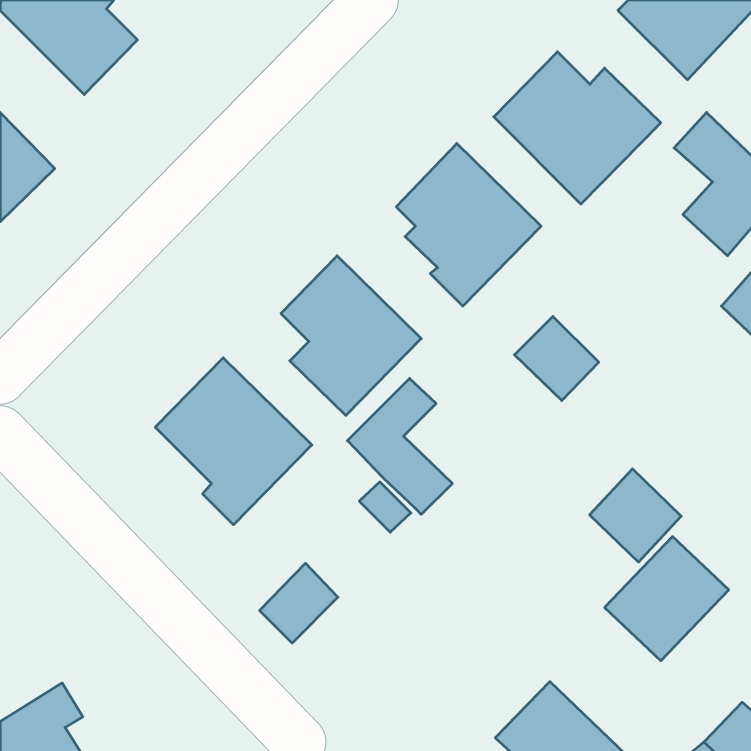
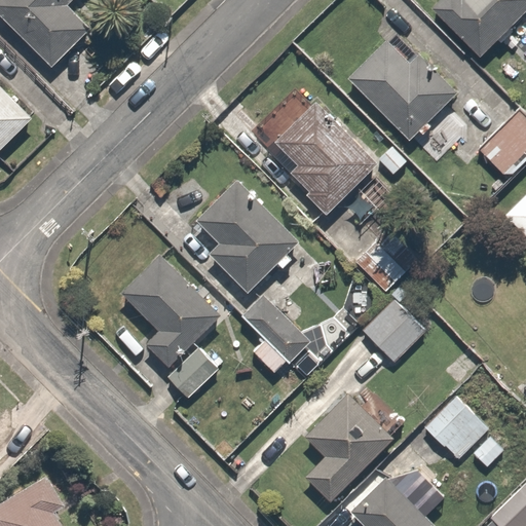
building: [590,469,681,562] -> [364,301,427,366]
building: none -> [300,390,394,503]
building: [260,563,338,643] -> [166,345,221,401]

